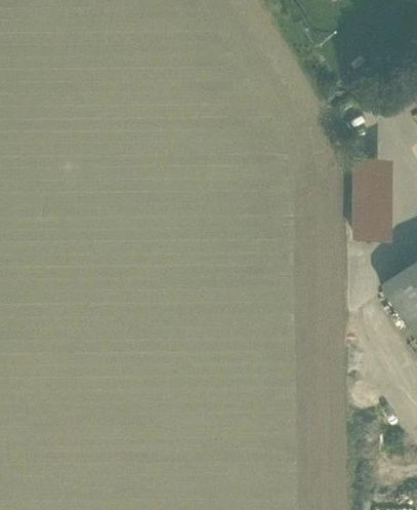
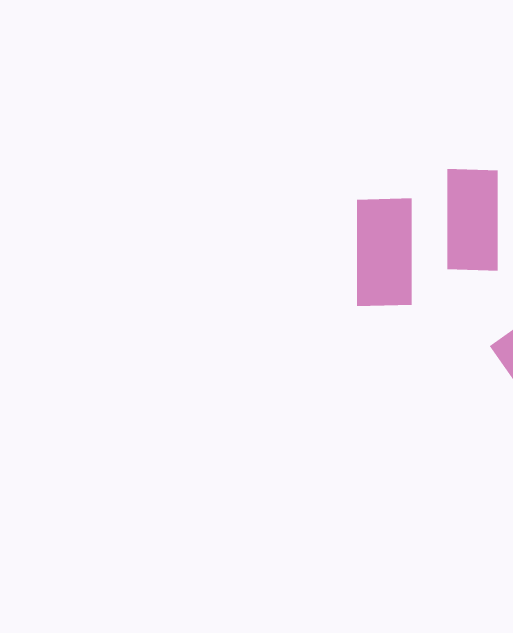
building: none -> [357,198,412,307]

